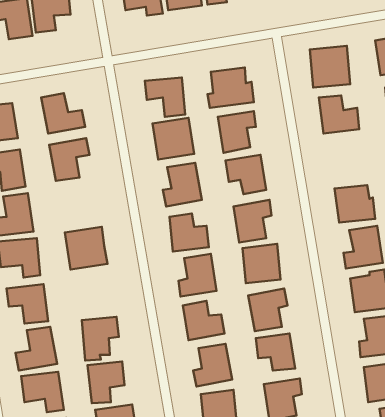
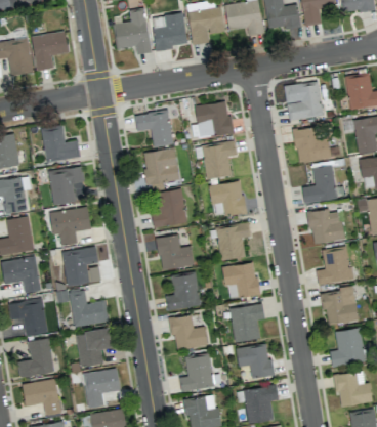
building: none -> [302,164,338,204]
building: none -> [50,208,91,245]
building: none -> [69,290,110,327]

